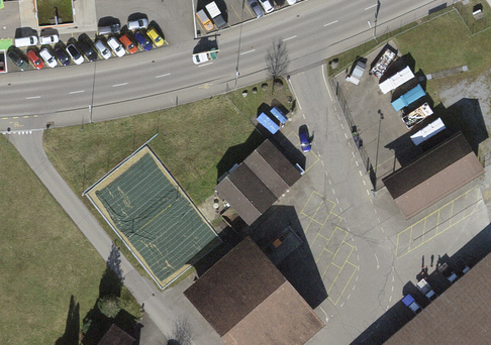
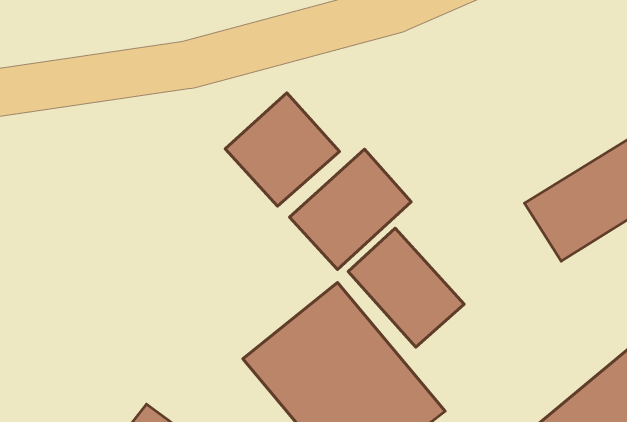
building: none -> [225,93,339,206]
building: none -> [348,228,464,347]

